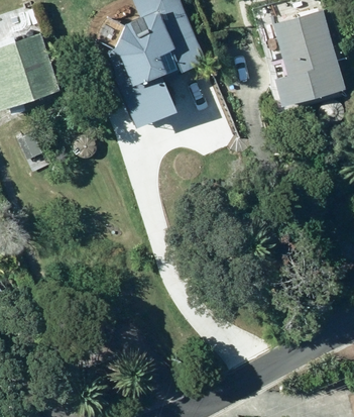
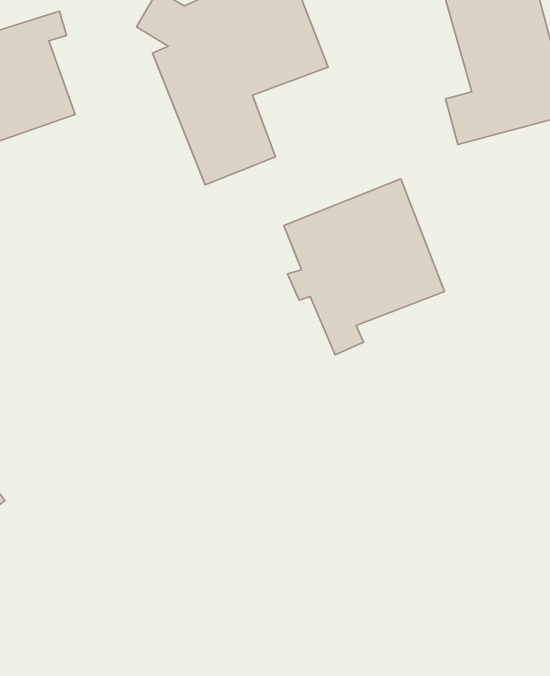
building: none -> [284,179,445,355]

